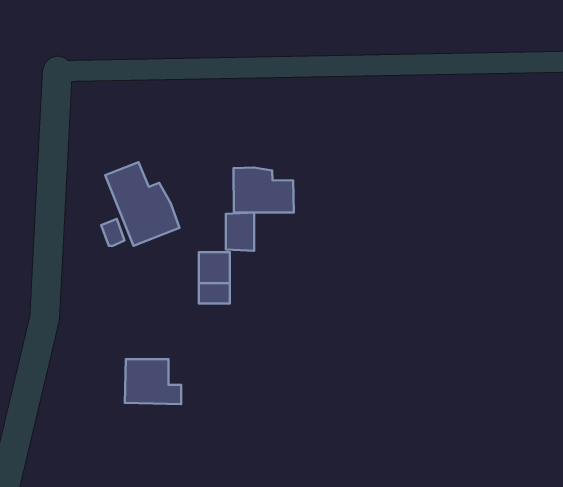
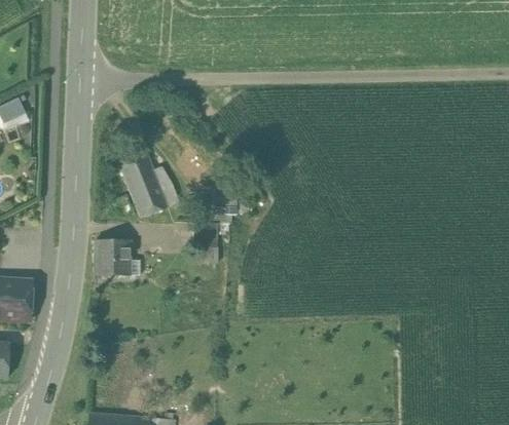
building: [233,168,294,212] -> none
building: [125,359,181,404] -> [95,240,140,276]

